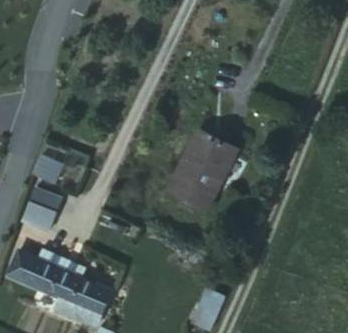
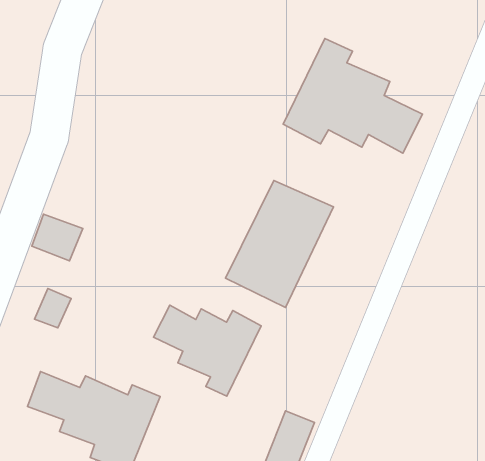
building: none -> [283,38,423,153]
building: none -> [153,305,261,396]

